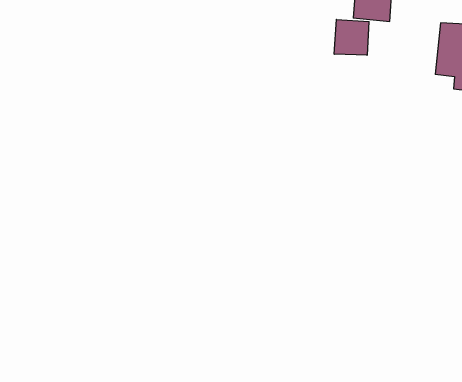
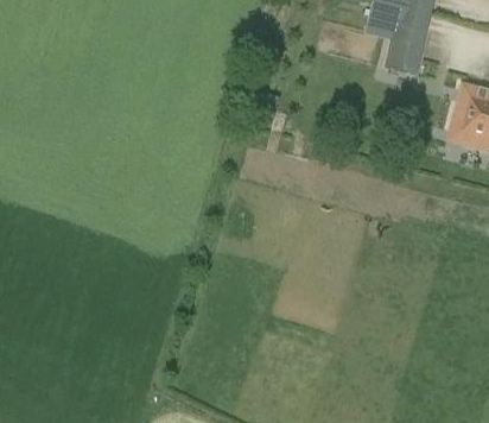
building: [334,19,369,55] -> none

